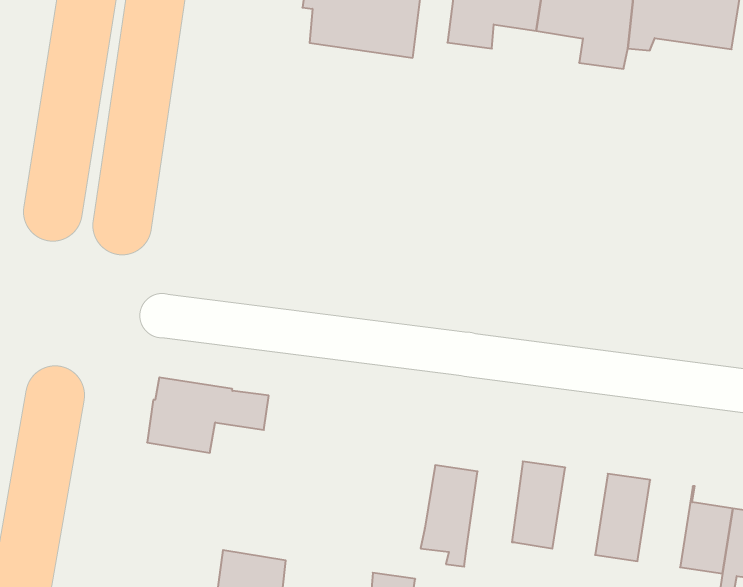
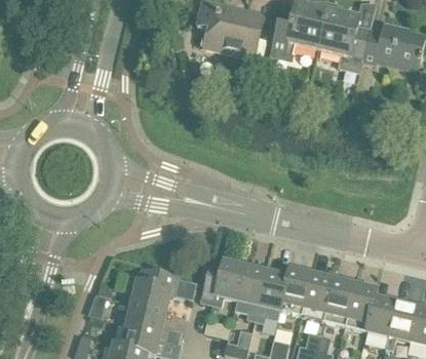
building: [147,377,269,453] -> [132,269,197,310]
building: none -> [201,263,245,308]
building: none -> [256,270,291,323]
building: none -> [302,275,334,321]
building: none -> [345,285,377,331]

